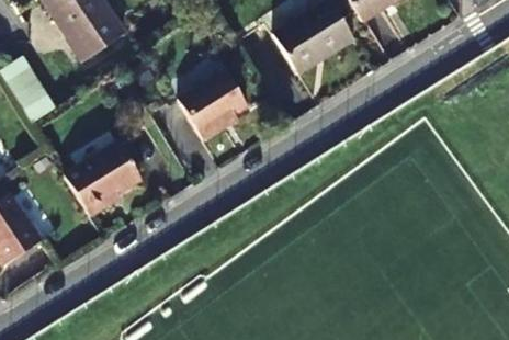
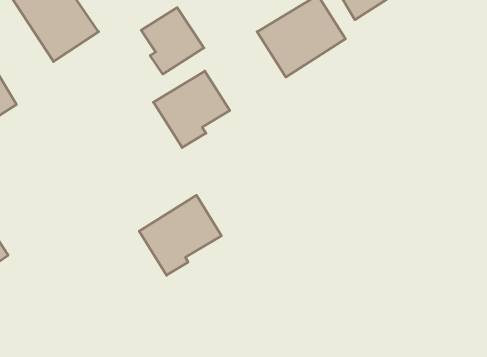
building: none -> [141,8,204,74]
building: [64,140,139,214] -> [139,195,221,275]

